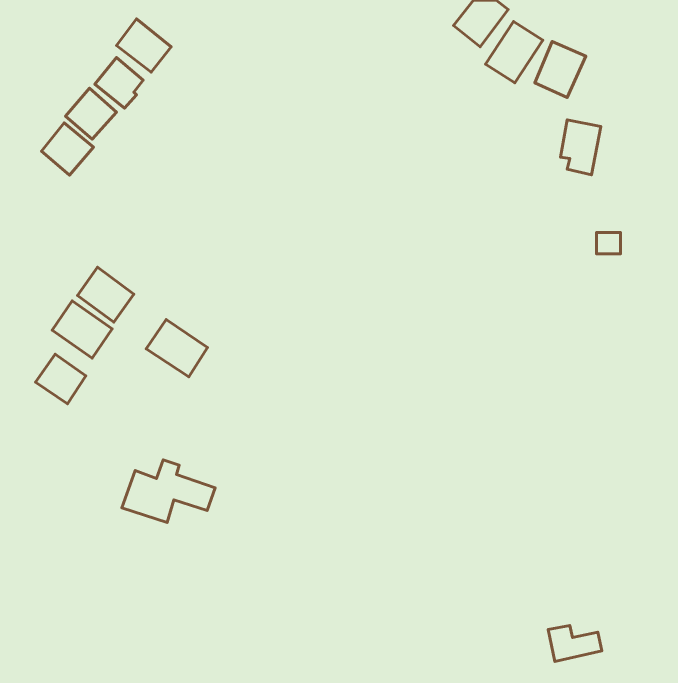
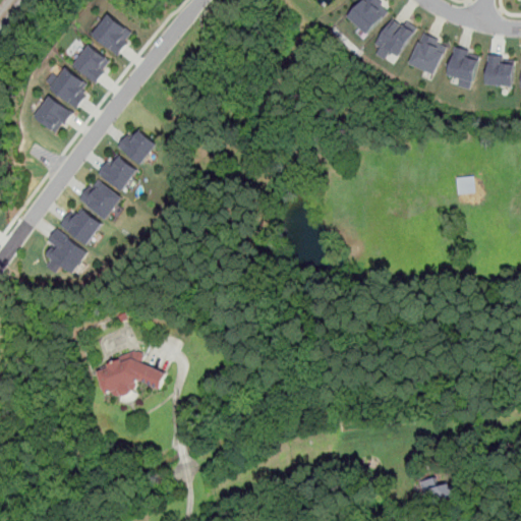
building: none -> [483,54,512,86]
building: [561,120,601,175] -> [447,46,477,88]
building: none -> [116,127,154,163]
building: none -> [97,152,138,192]
building: [146,319,208,377] -> [76,177,123,221]
building: [35,354,86,404] -> none

